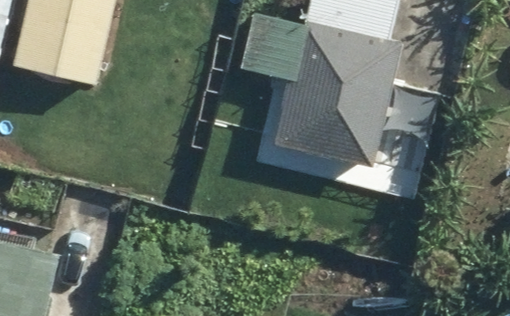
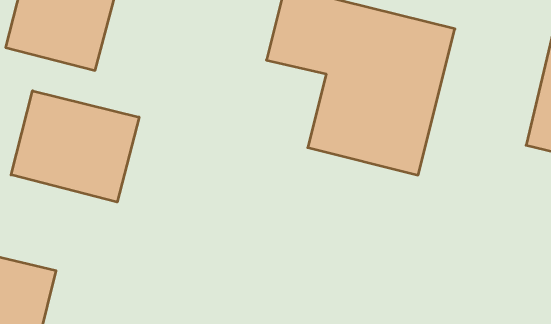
building: none -> [11,91,139,202]

